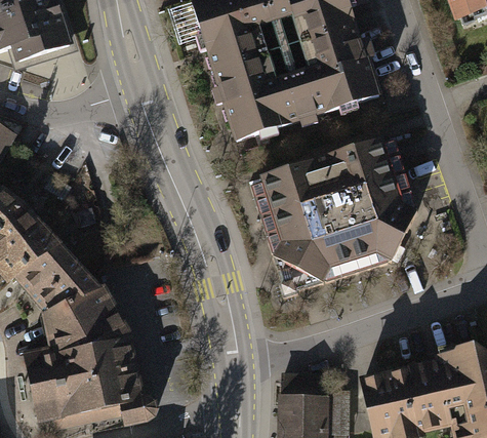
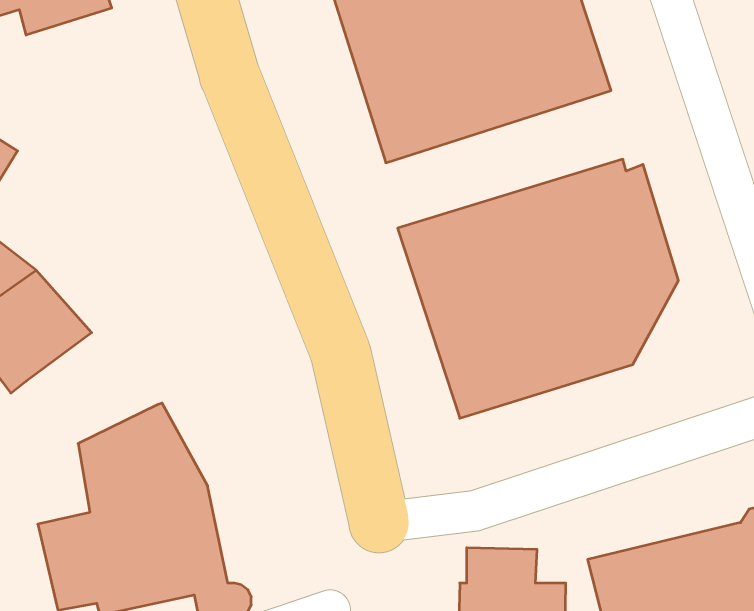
building: [17,242,97,310] -> none

